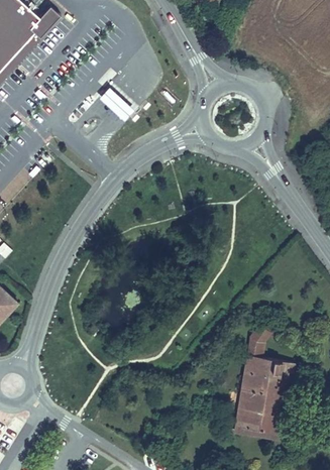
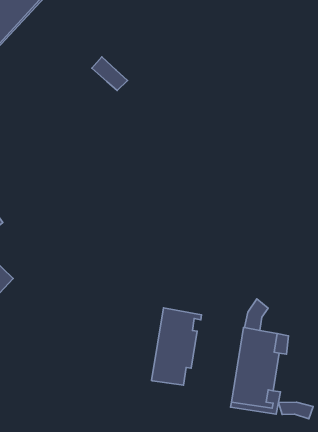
building: none -> [152,308,202,385]
building: none -> [278,402,313,419]

